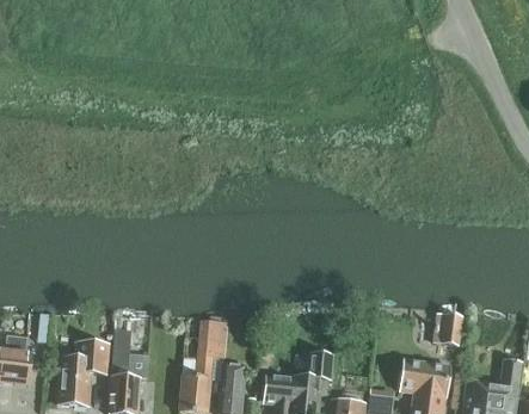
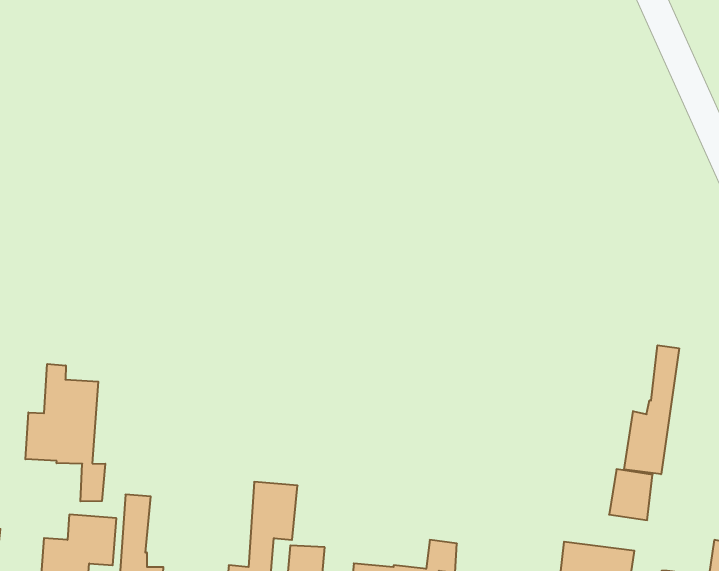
building: none -> [624,345,679,474]
building: none -> [25,364,105,501]

